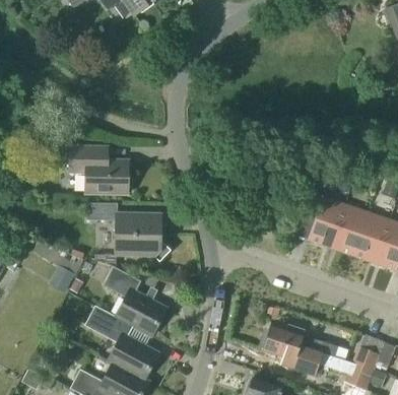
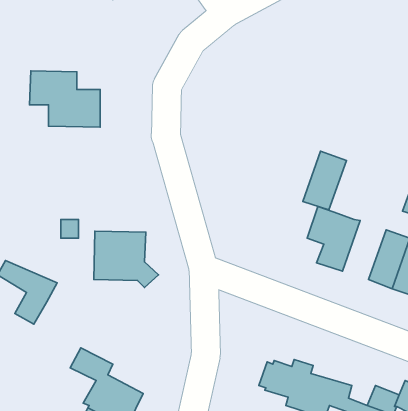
building: [68,145,129,194] -> [30,71,100,127]
building: [330,204,368,255] -> [303,151,346,210]
building: [103,267,167,337] -> none

